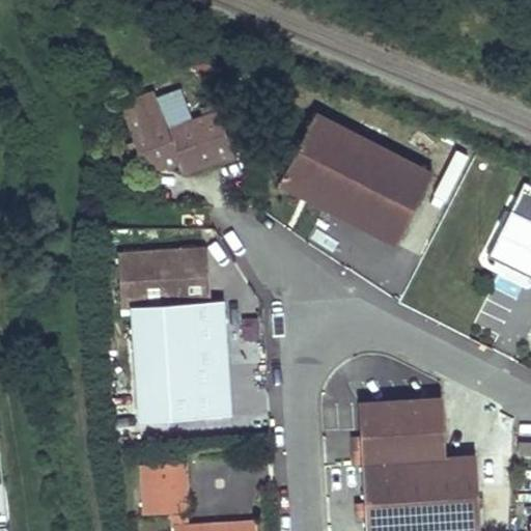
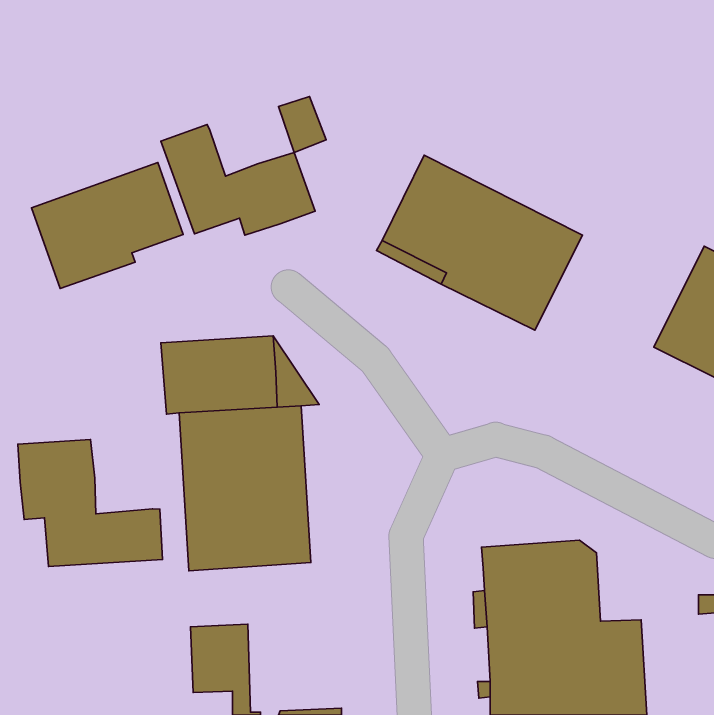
building: [157,89,192,131] -> [279,97,326,153]
building: none -> [32,163,183,288]
building: none -> [18,439,163,566]

